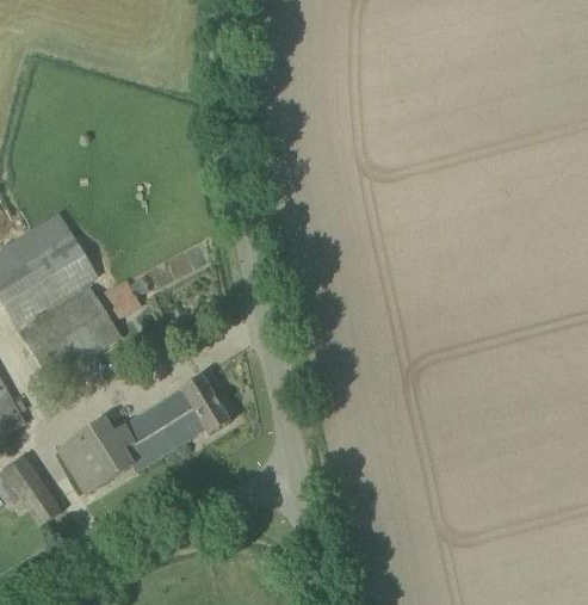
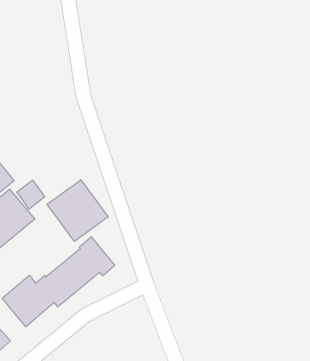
building: none -> [47,180,108,241]

